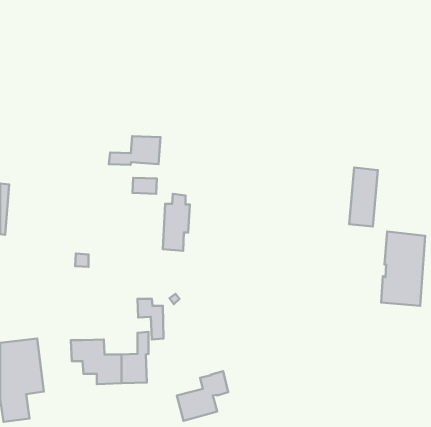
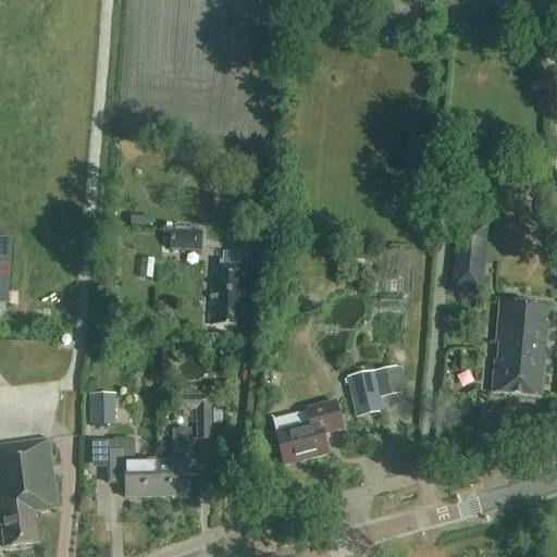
building: [109,136,160,165] -> none
building: none -> [346,364,406,418]
building: none -> [89,393,115,425]
building: [177,371,228,421] -> [275,399,342,463]

